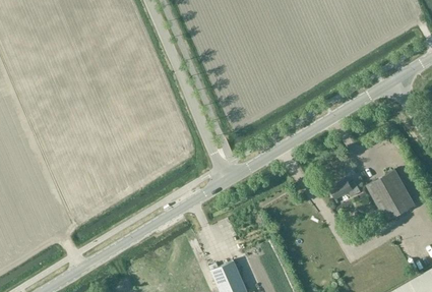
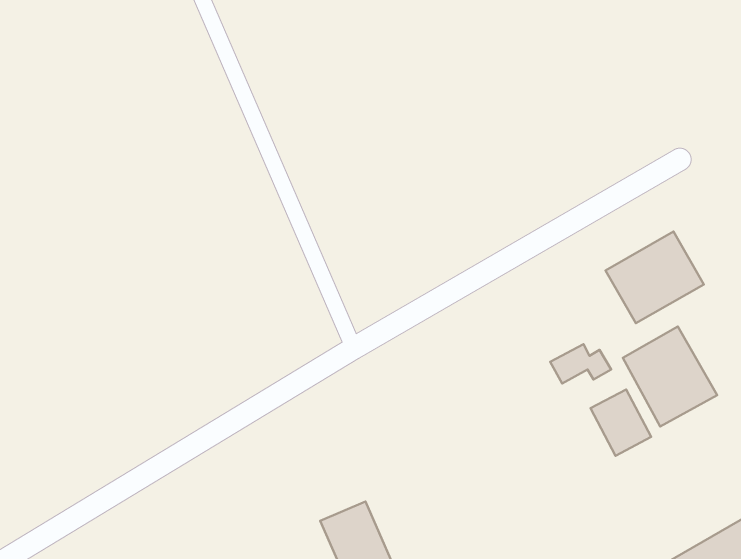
building: none -> [606,232,704,323]
building: none -> [590,389,651,456]

